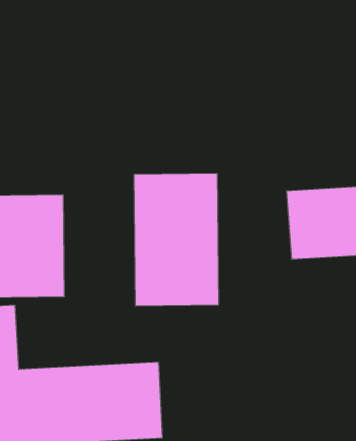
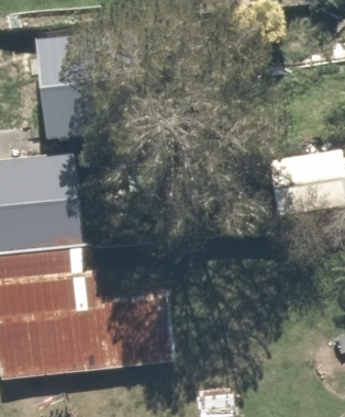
building: [134,173,219,306] -> none

